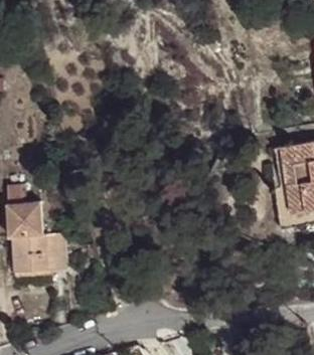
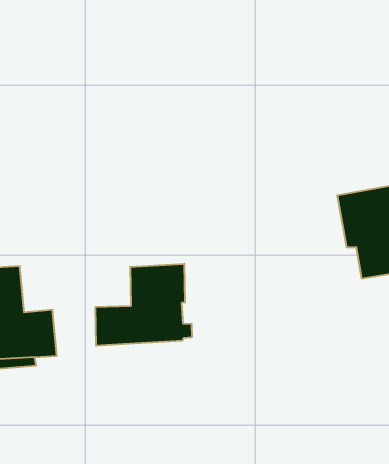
building: none -> [96,264,192,346]

